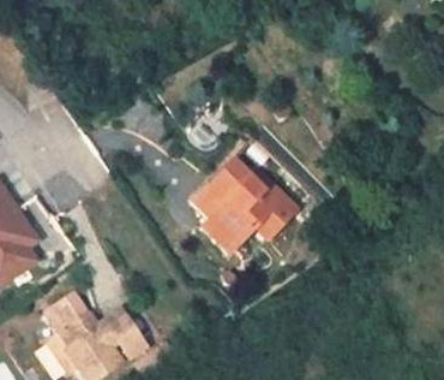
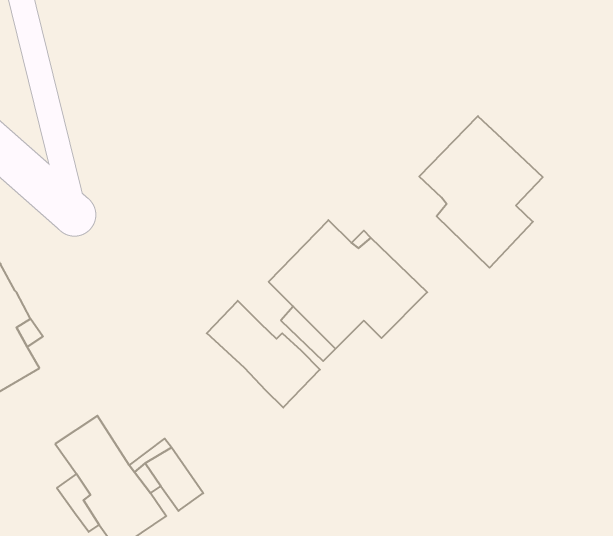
building: none -> [419,116,543,268]
building: none -> [207,301,320,408]

